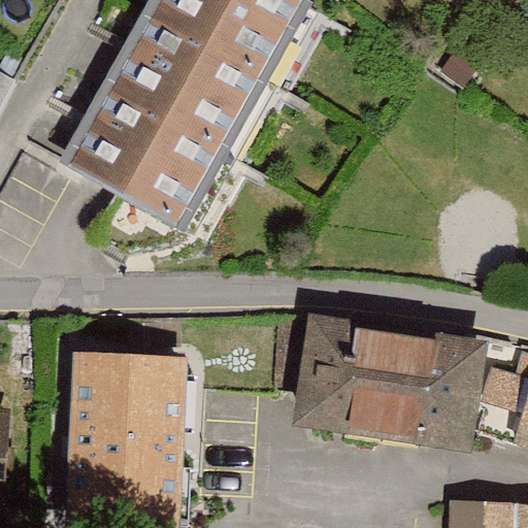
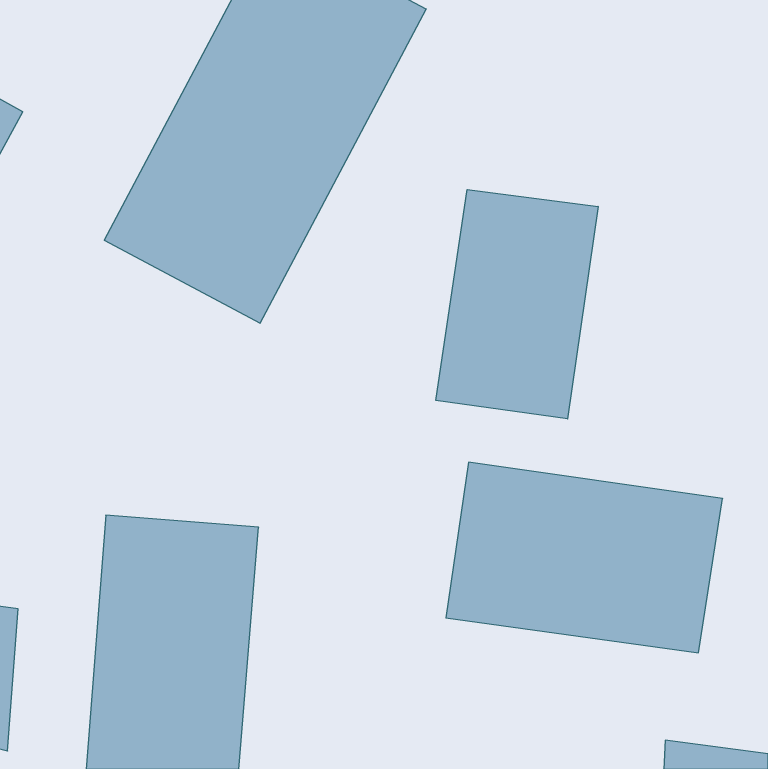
building: none -> [436,190,598,419]

